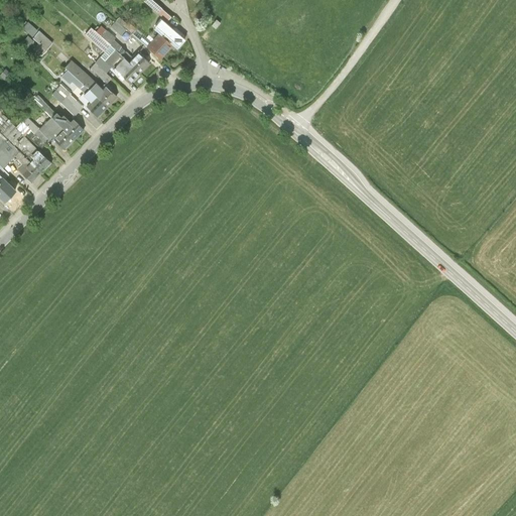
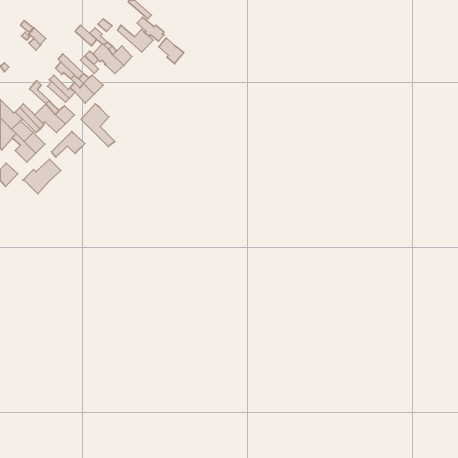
building: none -> [159,38,184,64]
building: none -> [81,104,115,147]
building: none -> [51,132,85,157]
building: none -> [23,159,61,194]

